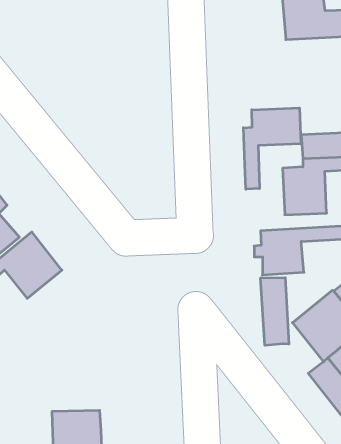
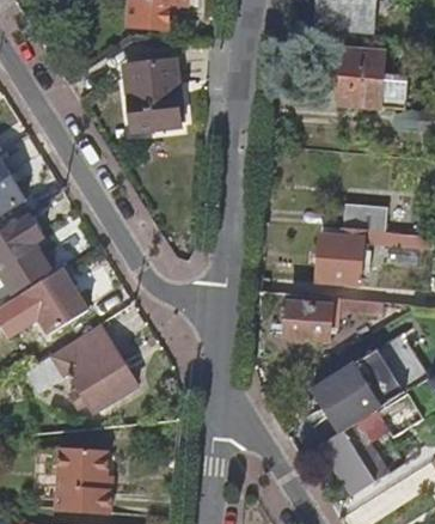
building: none -> [124,63,178,132]
building: [243,108,301,189] -> none
building: [261,278,289,345] -> none
building: none -> [26,327,135,412]

